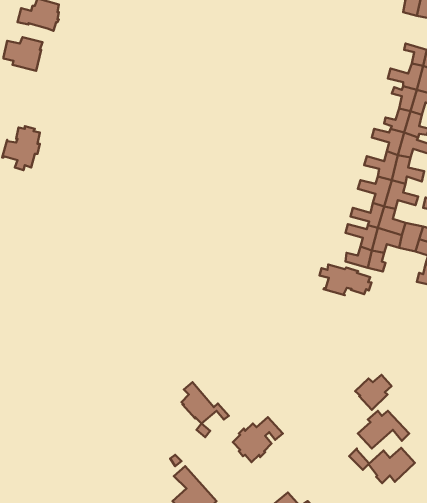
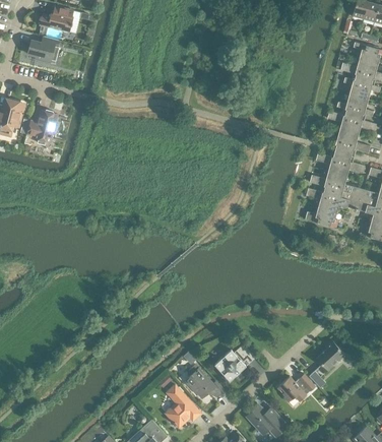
building: [319,264,372,295] -> none
building: [355,375,391,410] -> none
building: [181,382,229,423] -> [186,364,225,397]
building: [369,448,415,483] -> [277,374,315,402]

